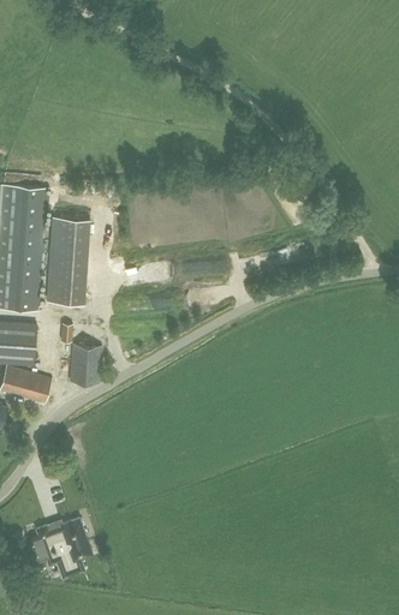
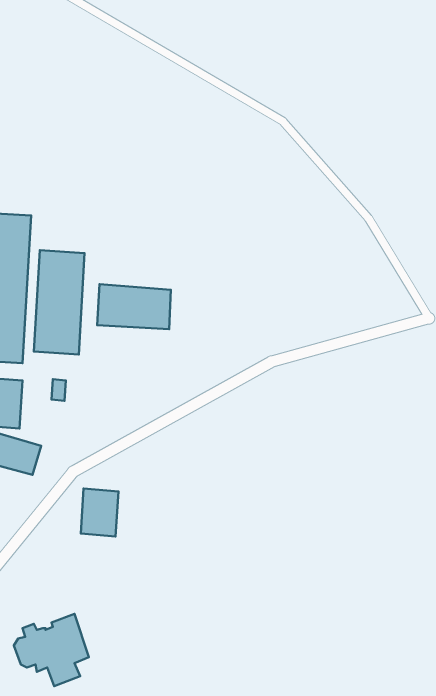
building: none -> [97,284,171,329]
building: [71,342,102,382] -> [81,489,118,536]

